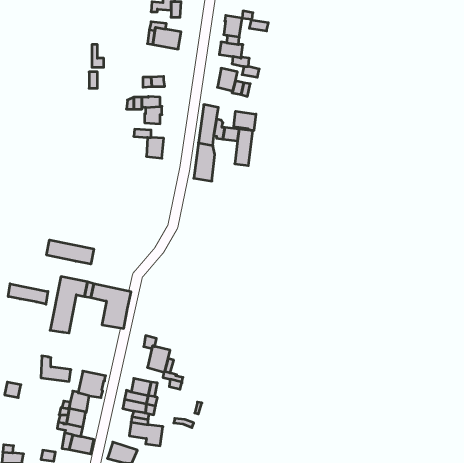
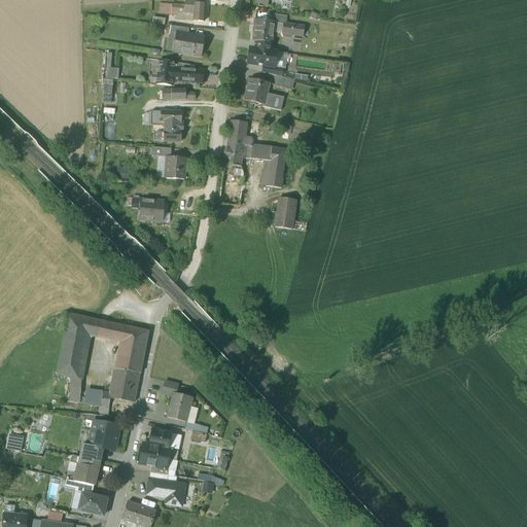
building: none -> [157,59,205,84]
building: [234,111,256,130] -> none
building: none -> [275,197,296,229]
building: none -> [133,198,165,220]
building: [47,240,94,264] -> none
building: [8,284,48,304] -> none
building: none -> [110,367,141,400]
building: [41,356,71,381] -> [71,376,105,405]

